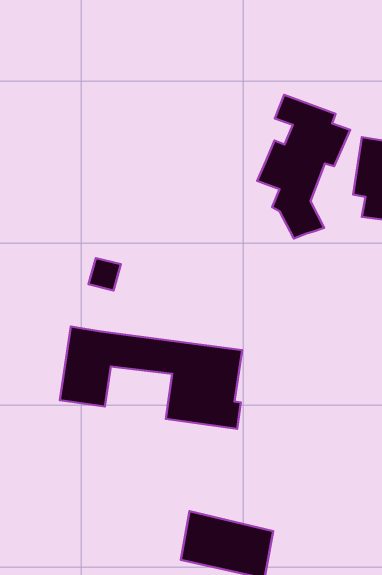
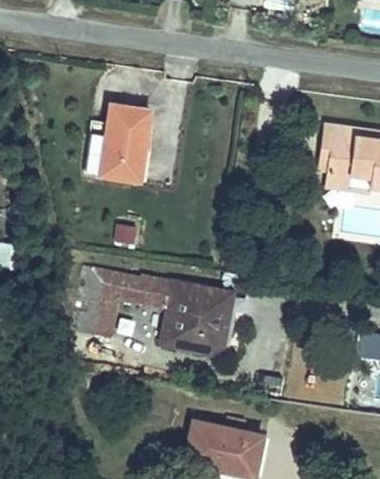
building: [257,95,350,238] -> none
building: none -> [88,107,152,181]

